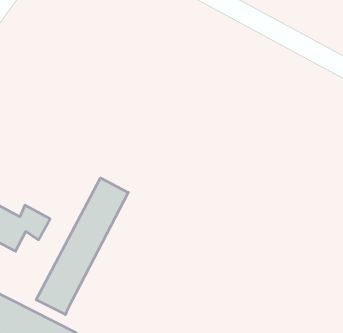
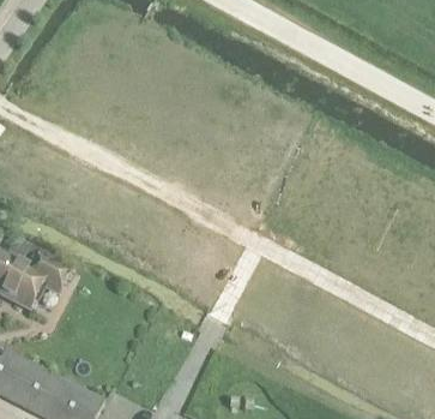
building: [36,178,128,315] -> none

